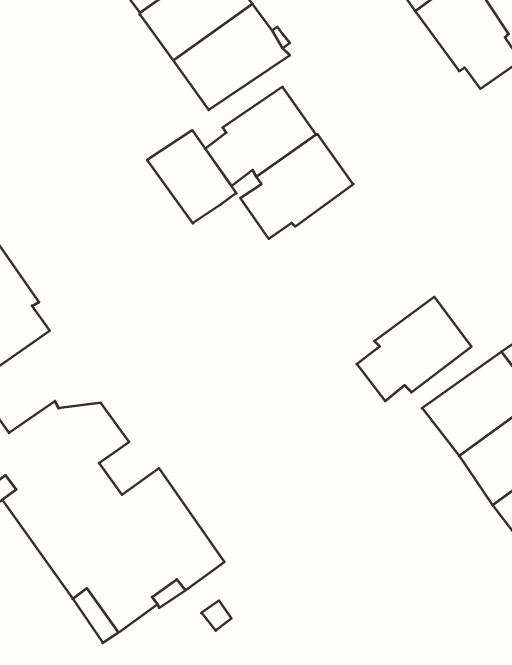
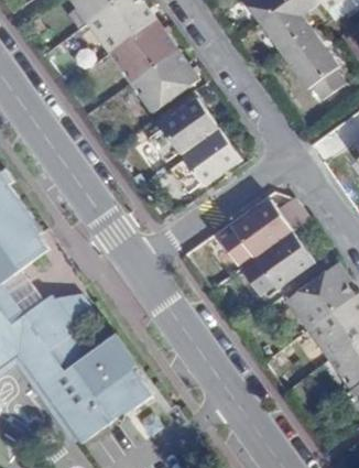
building: [147,130,236,223] -> none
building: none -> [219,199,291,263]

